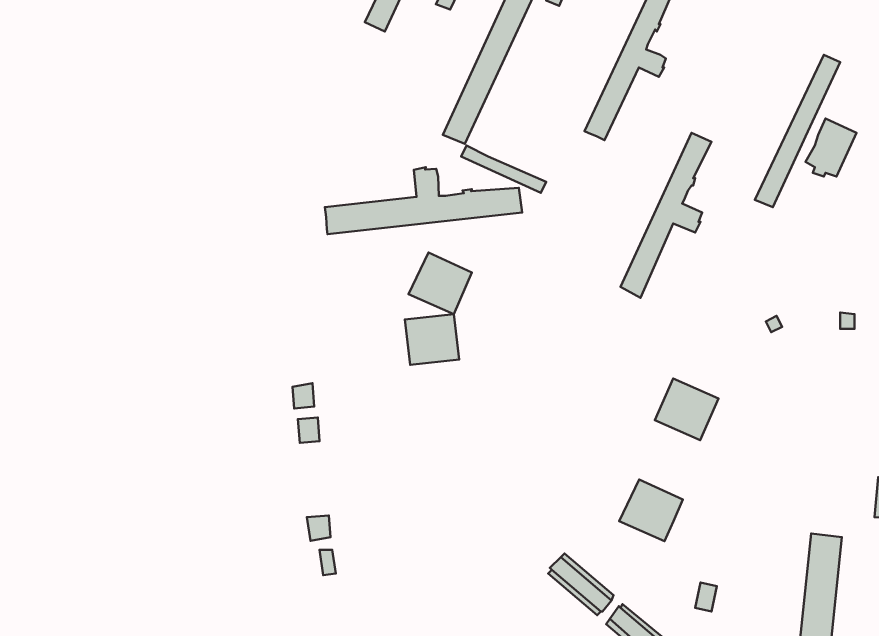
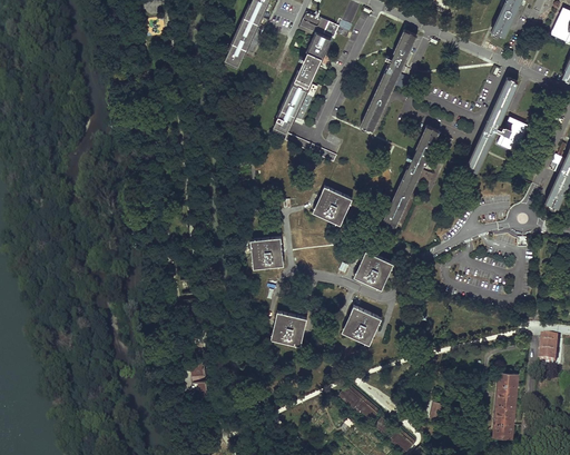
building: [325,167,522,234] -> none
building: [408,253,472,314] -> [313,187,352,225]
building: [655,379,718,440] -> [354,251,393,289]
building: none -> [272,311,307,345]
building: [619,479,683,541] -> [342,306,381,344]

